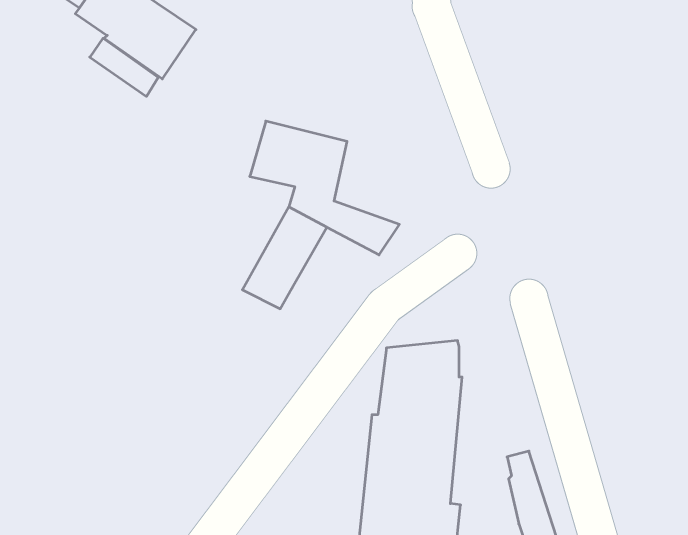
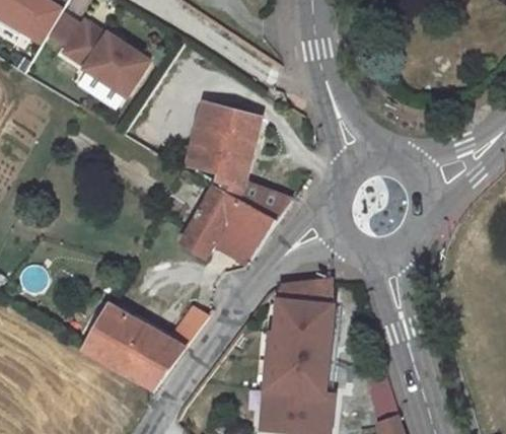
building: none -> [197,101,259,140]
building: none -> [215,200,276,262]
building: none -> [84,304,207,388]

